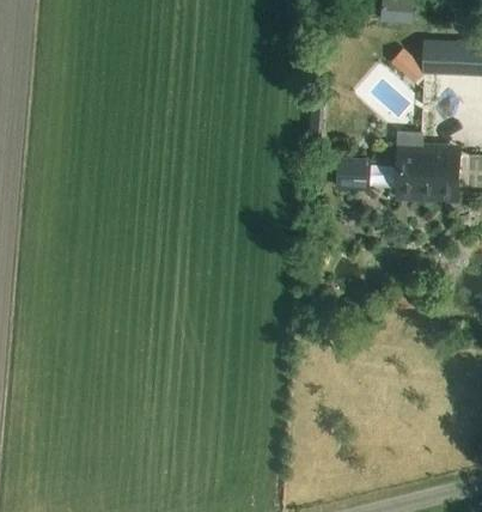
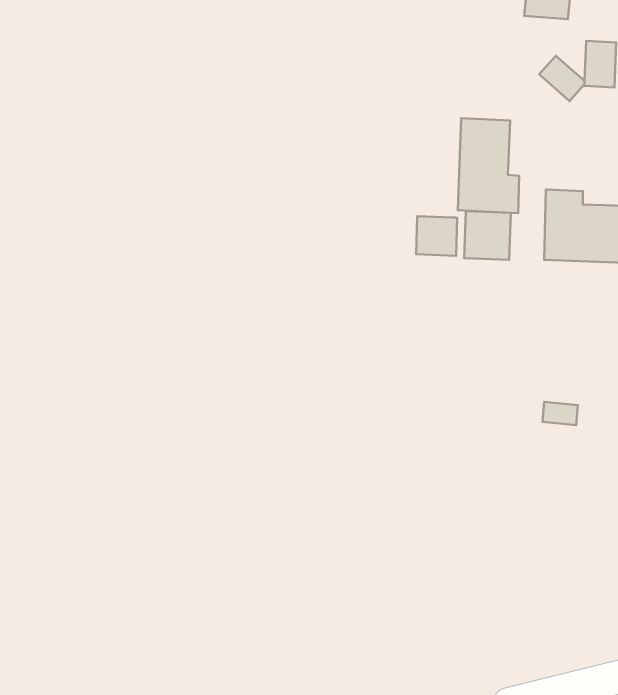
building: none -> [458,118,519,213]
building: none -> [416,216,457,256]

